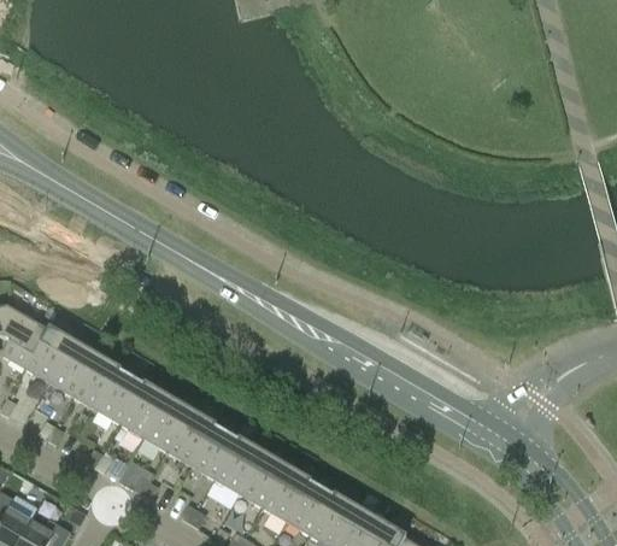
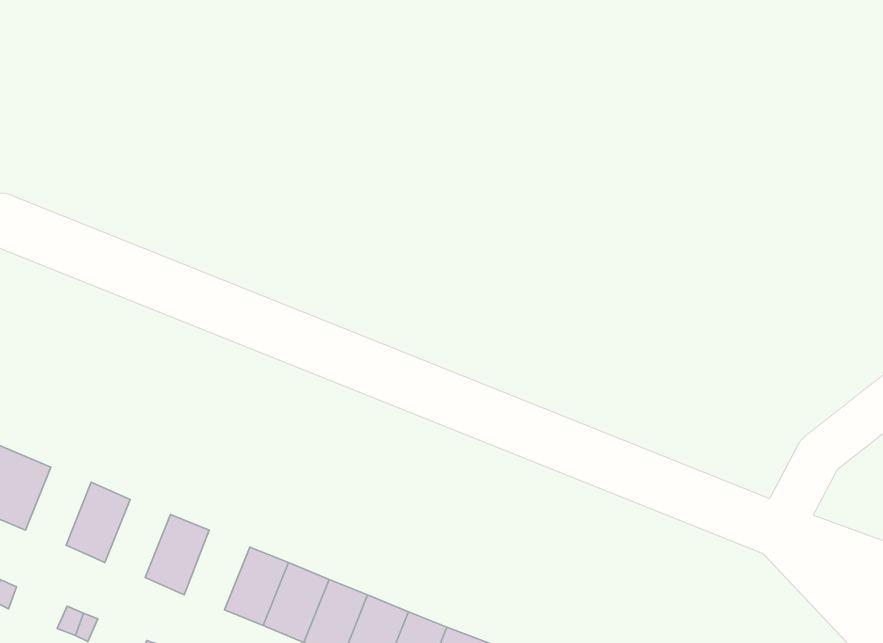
building: [27,330,72,381] -> none
building: [74,358,119,409] -> none
building: [121,384,166,436] -> none

